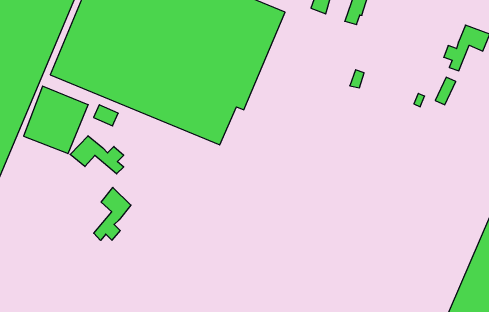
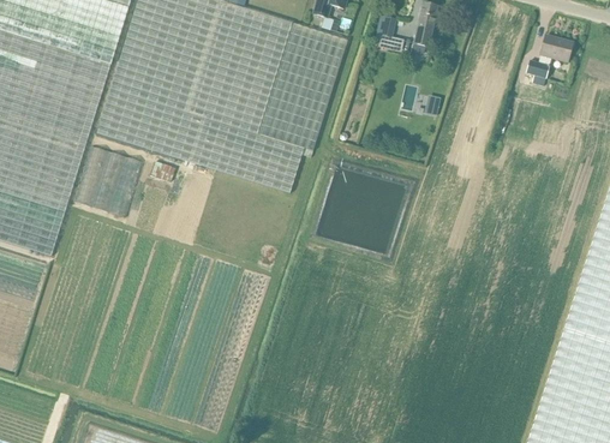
building: [70,136,124,174] -> none
building: [94,187,131,240] -> none

